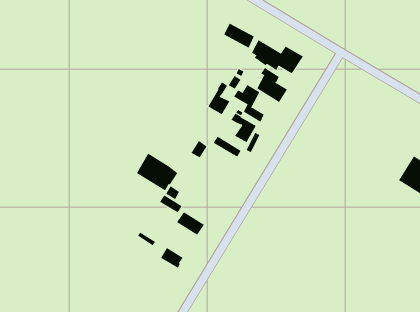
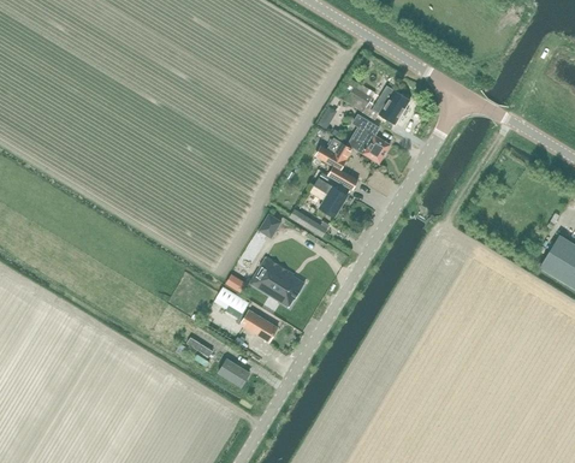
building: [223,23,255,48] -> none
building: [207,82,230,115] -> none
building: [136,153,178,191] -> [249,255,306,307]

